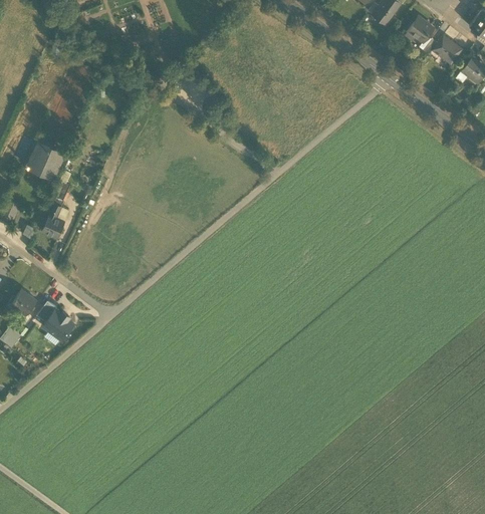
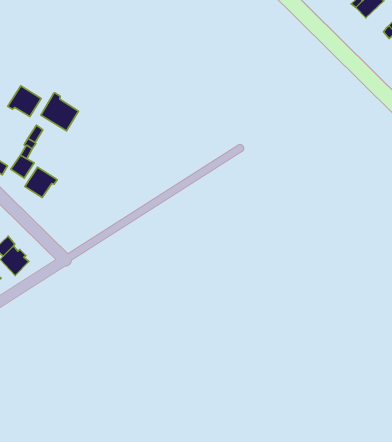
building: none -> [41,93,78,131]
building: none -> [25,167,57,198]

